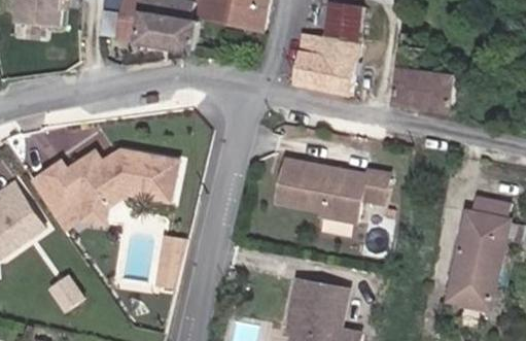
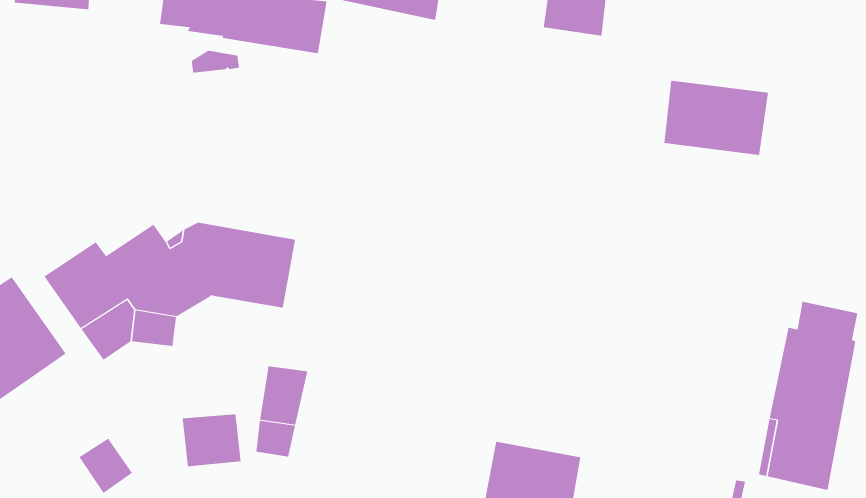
building: [292,33,359,95] -> none
building: [278,160,388,223] -> none
building: none -> [182,414,241,467]

